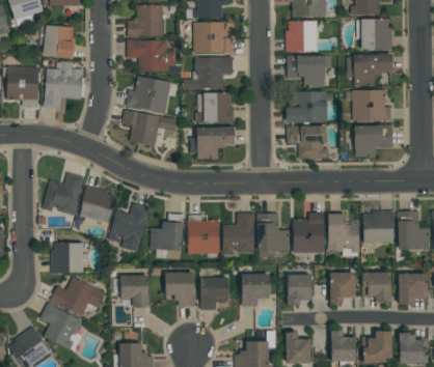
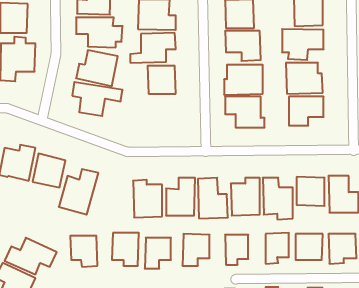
building: [196,125,235,160] -> none
building: [151,222,183,250] -> none
building: [52,243,83,274] -> none

